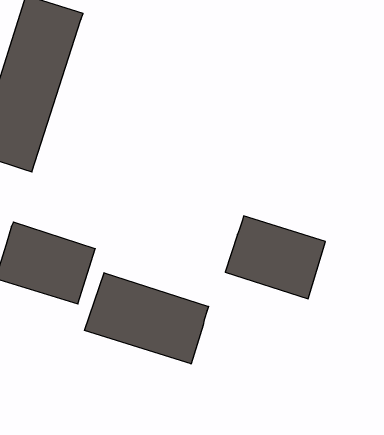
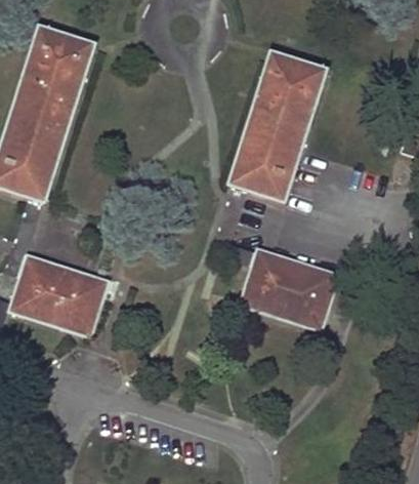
building: none -> [227,51,327,204]
building: [85,273,209,364] -> none

